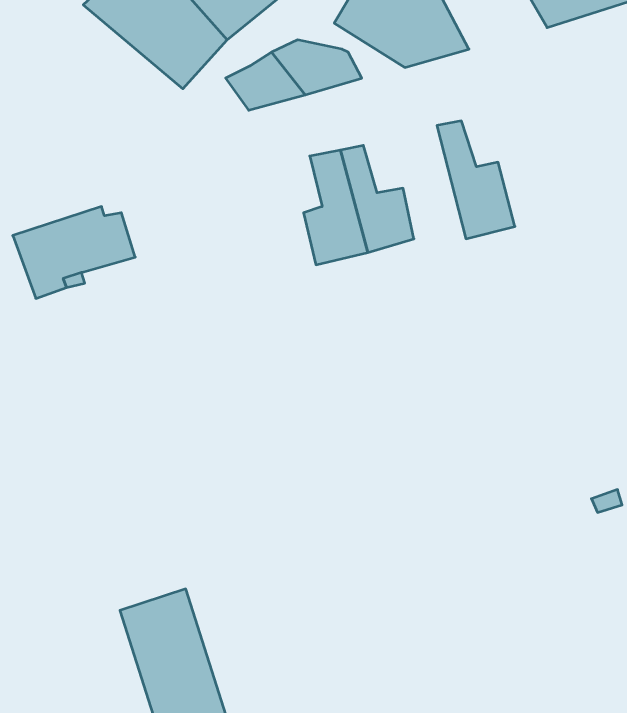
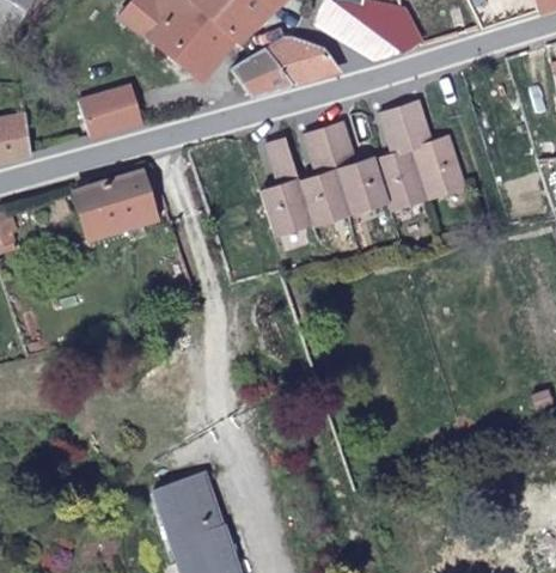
building: none -> [84,89,148,138]
building: none -> [374,108,423,206]
building: none -> [259,136,306,224]

